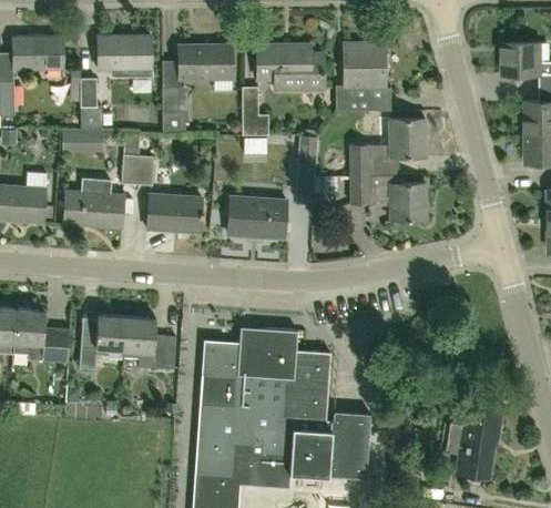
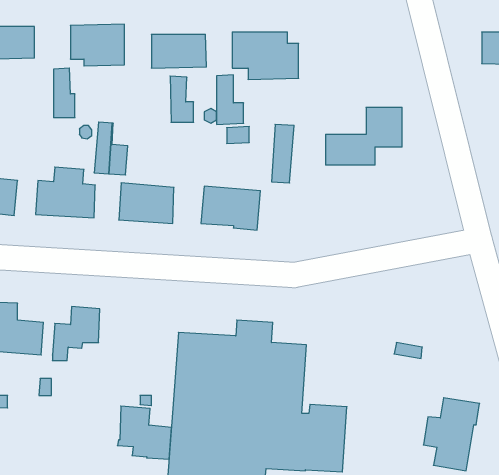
building: [336,43,386,110] -> none
building: [162,85,185,131] -> [170,76,194,122]
building: [62,128,103,151] -> none
building: [349,174,425,220] -> none
building: [123,316,176,368] -> [117,406,171,459]

